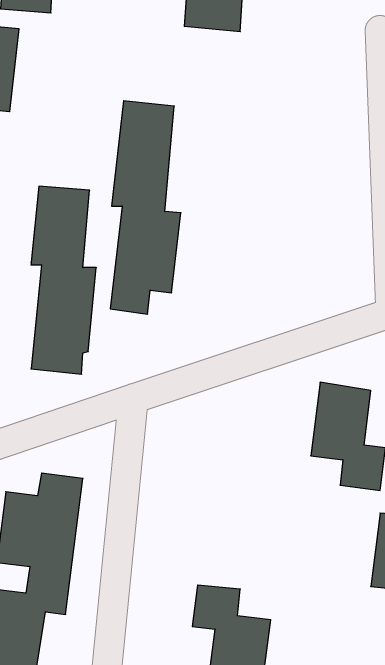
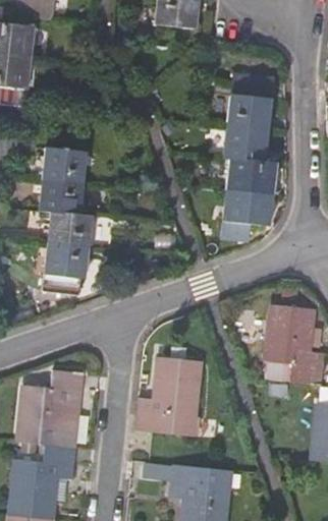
building: [110,101,181,314] -> [223,81,277,244]
building: none -> [134,350,200,426]

